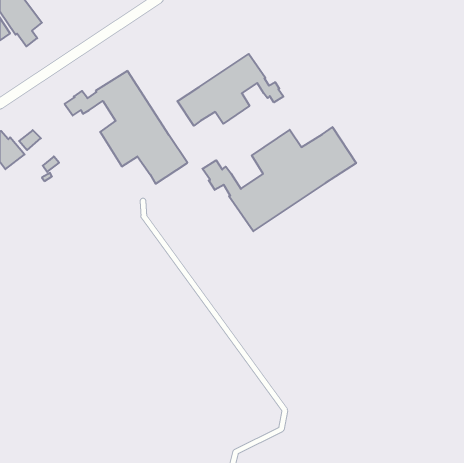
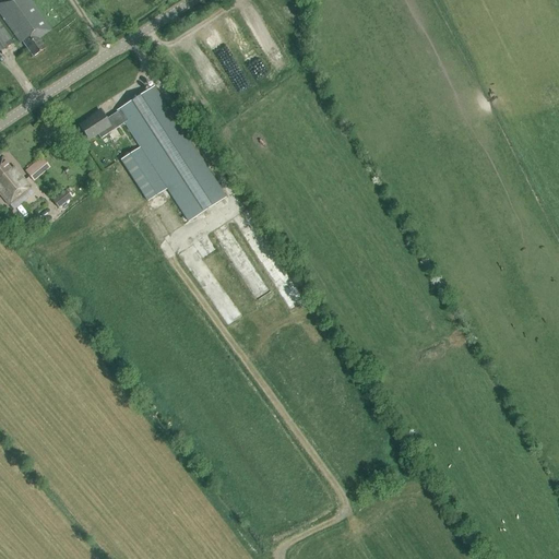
building: [177,54,283,126] -> none
building: [202,127,356,231] -> none

